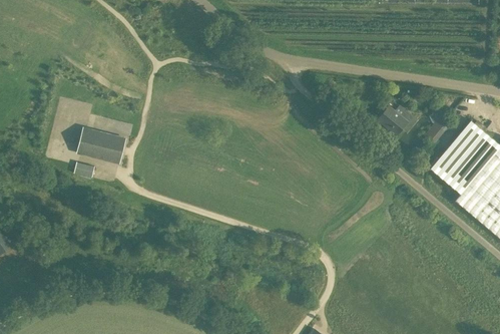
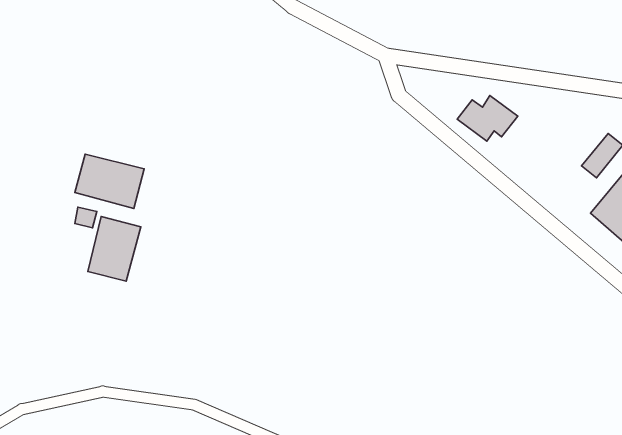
building: [376,104,417,135] -> [457,95,518,141]
building: none -> [88,217,141,281]

